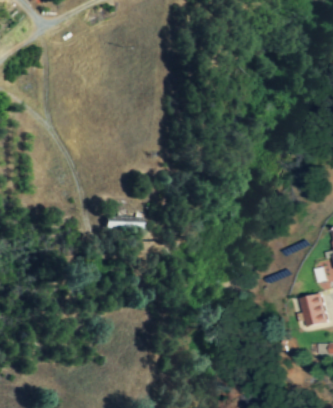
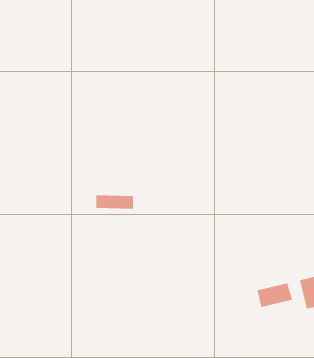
building: none -> [257,283,293,308]

